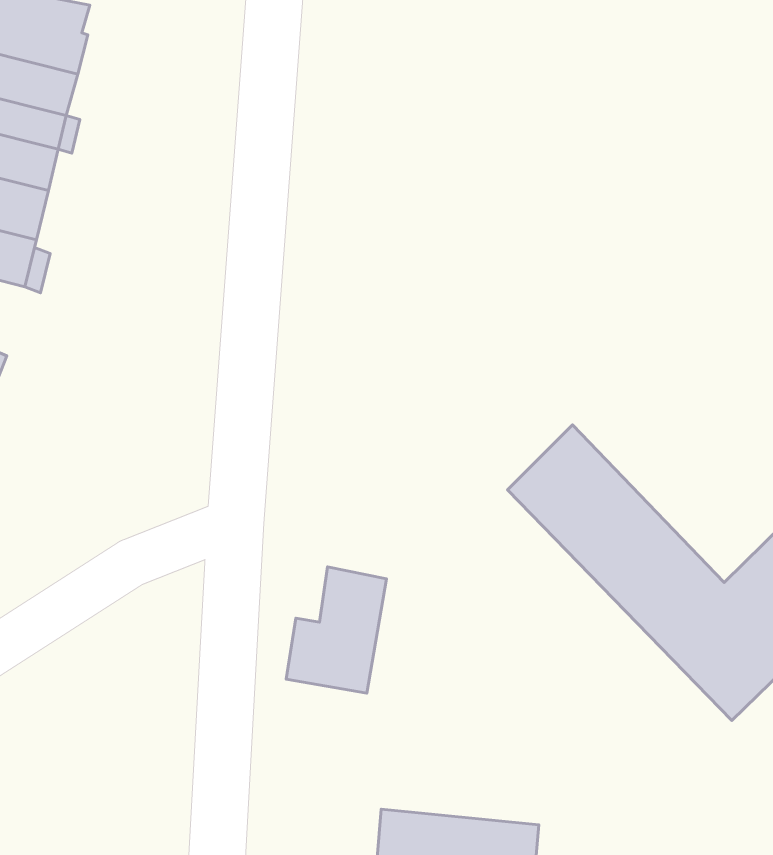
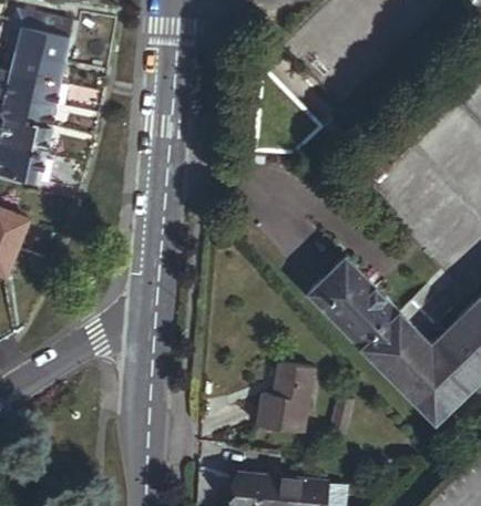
building: [286,567,387,693] -> [257,365,314,436]

